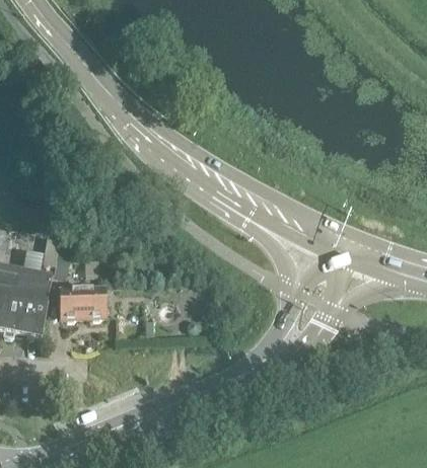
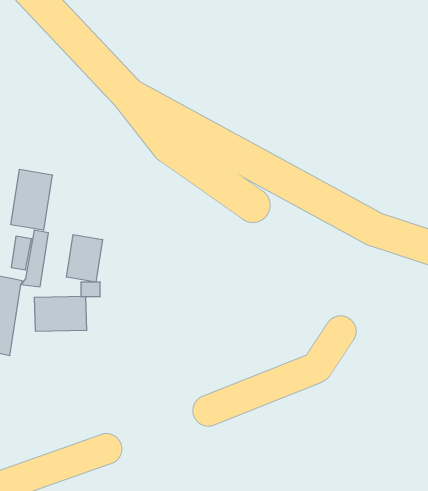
building: none -> [11,169,52,230]
building: none -> [66,235,103,282]

